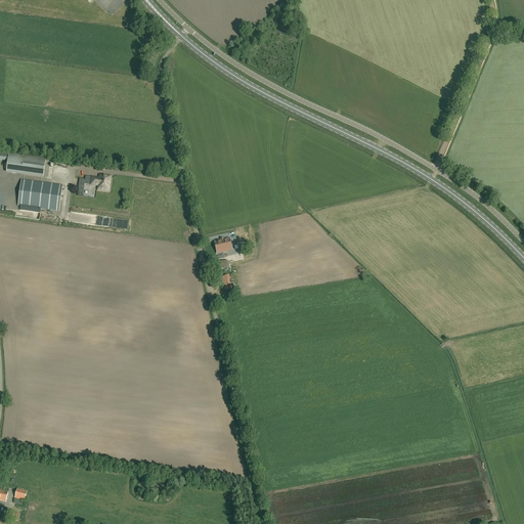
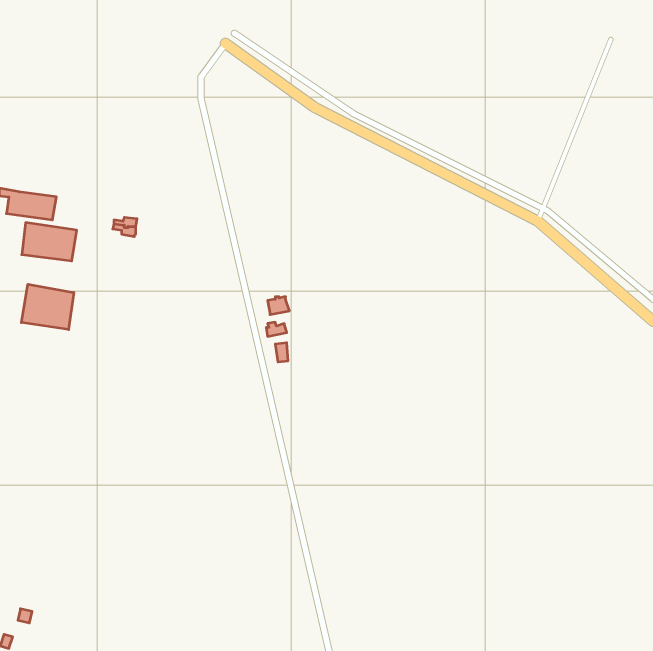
building: none -> [21,284,74,330]

